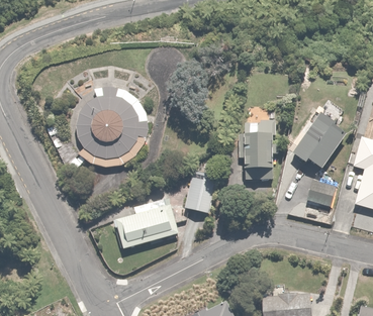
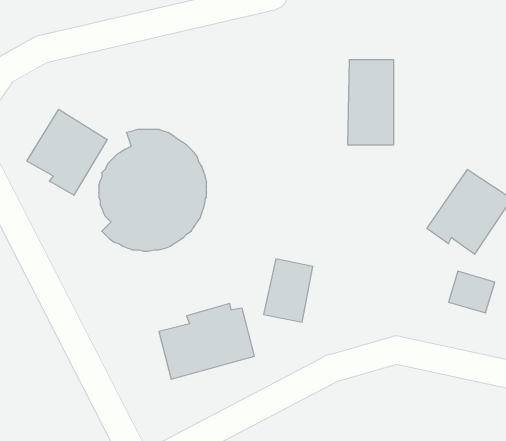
building: none -> [27,109,107,195]
building: [245,123,275,179] -> [348,60,394,145]

